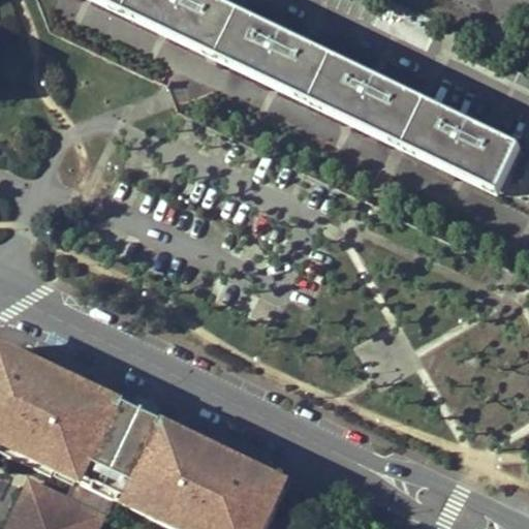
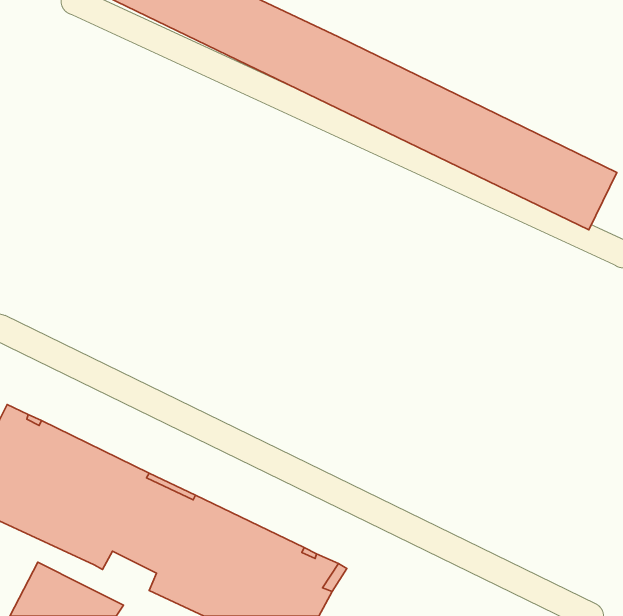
building: [71,466,132,511] -> none

